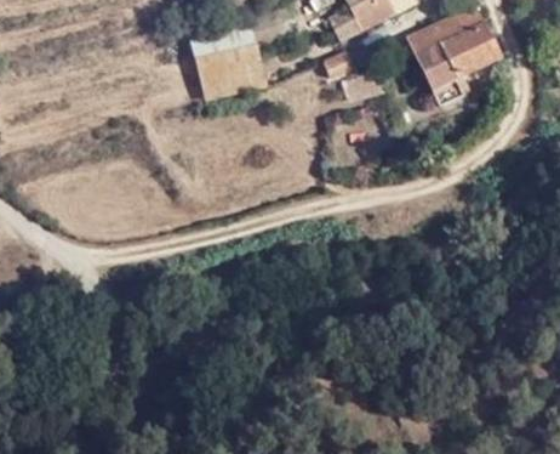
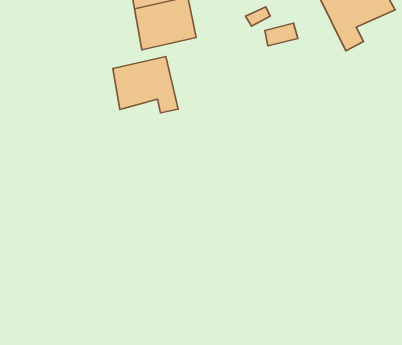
building: none -> [113,57,178,113]

